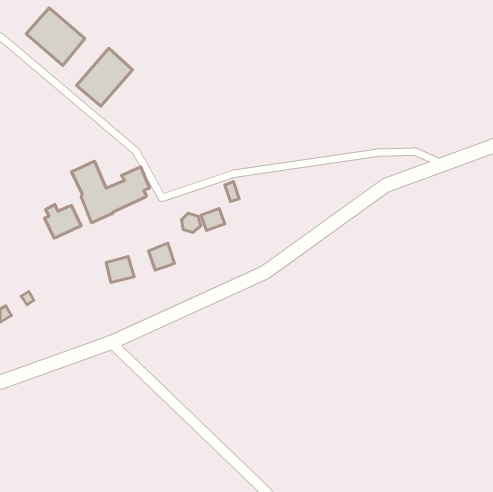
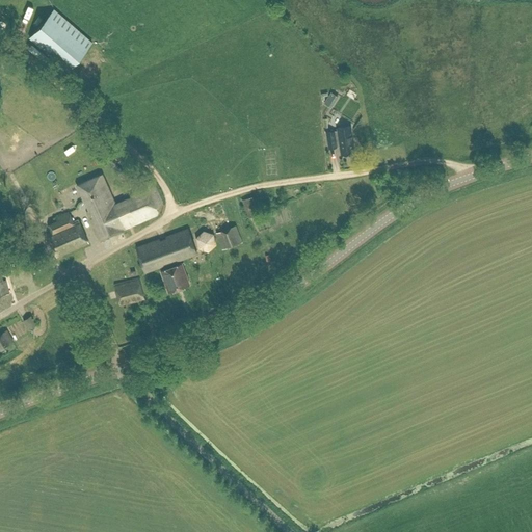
building: [77,48,132,106] -> none
building: none -> [326,127,353,155]
building: none -> [137,229,196,272]

